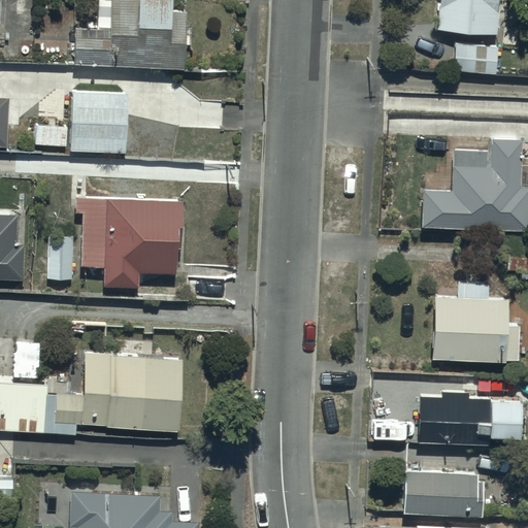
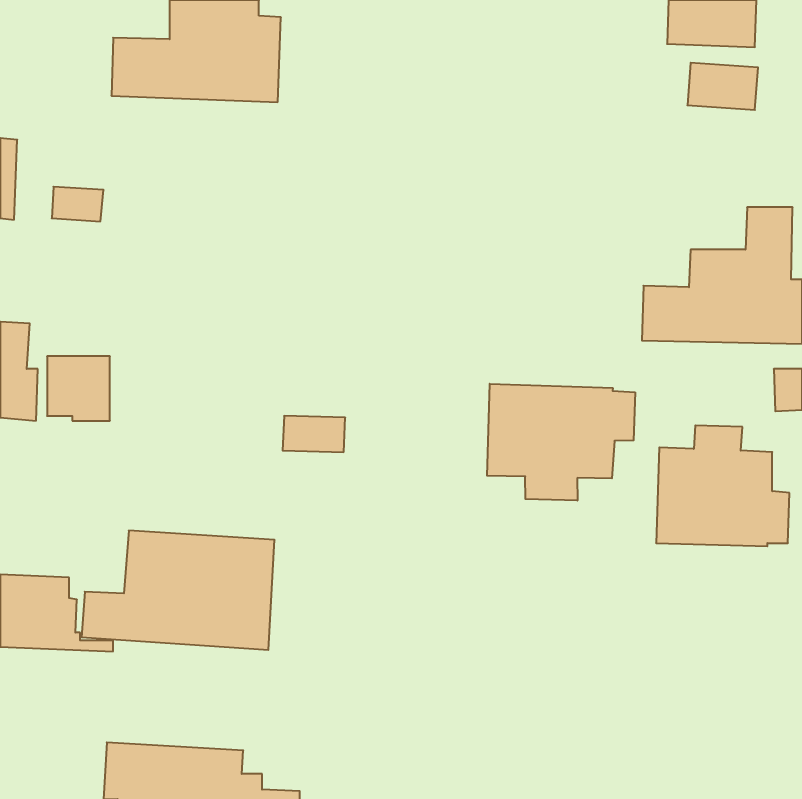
building: [71,92,128,154] -> none
building: [74,201,180,288] -> none
building: none -> [487,384,635,501]
building: [420,393,522,447] -> none
building: [401,468,481,515] -> none

